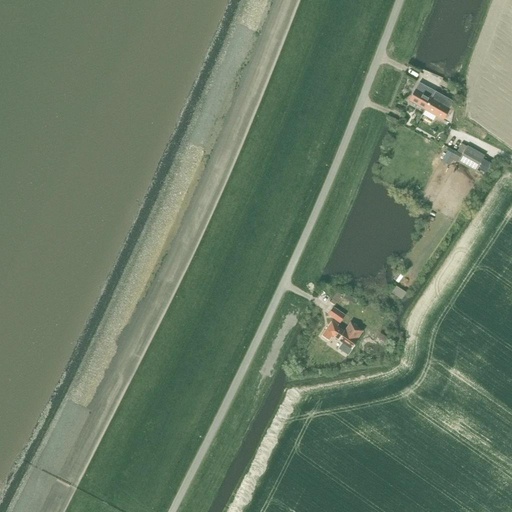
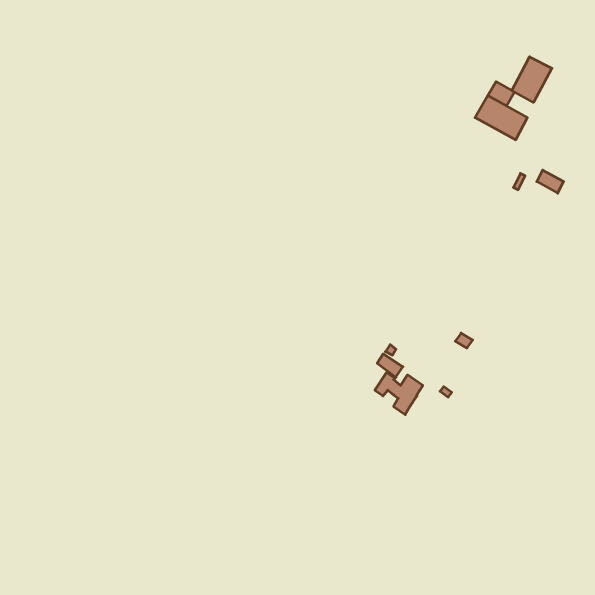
building: none -> [512,57,552,102]

